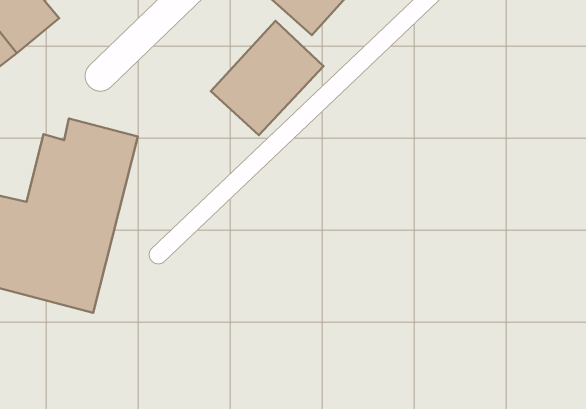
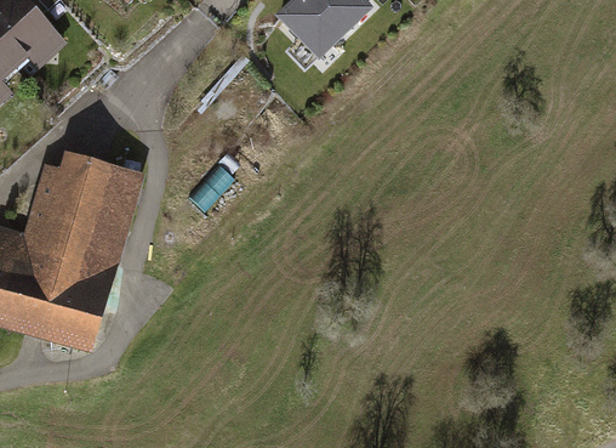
building: [211,21,323,135] -> none

